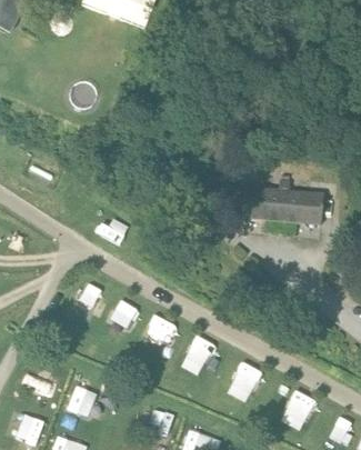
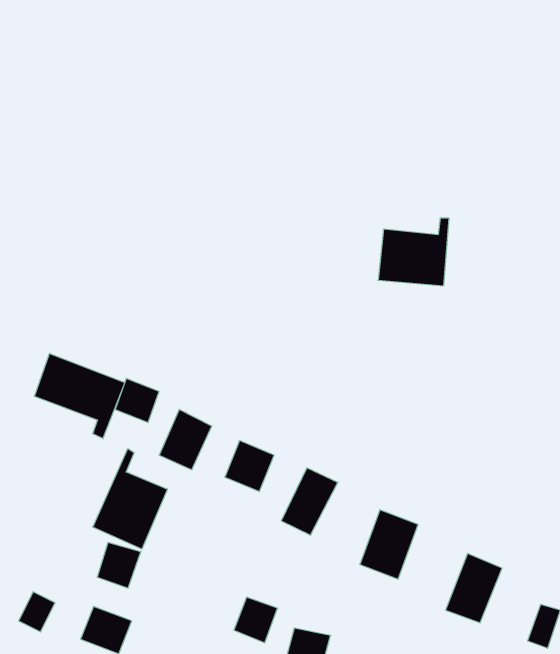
building: [278,181,320,227] -> none
building: none -> [34,353,125,439]
building: none -> [93,449,168,549]

